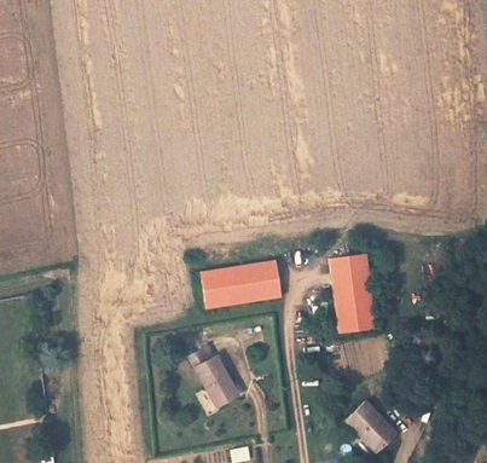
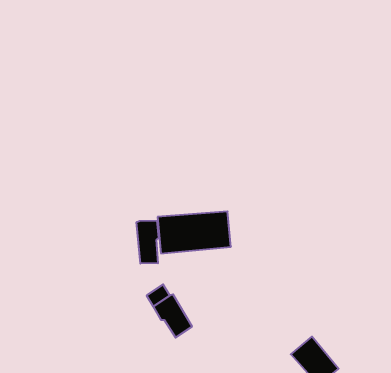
building: [330,256,376,334] -> none
building: none -> [137,221,159,264]

